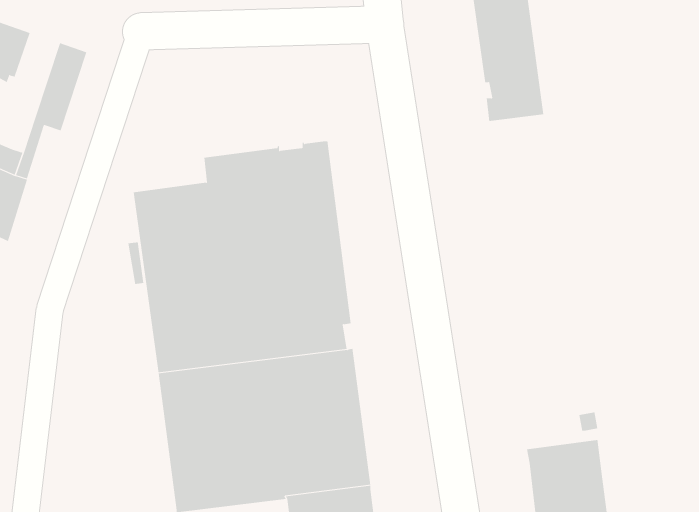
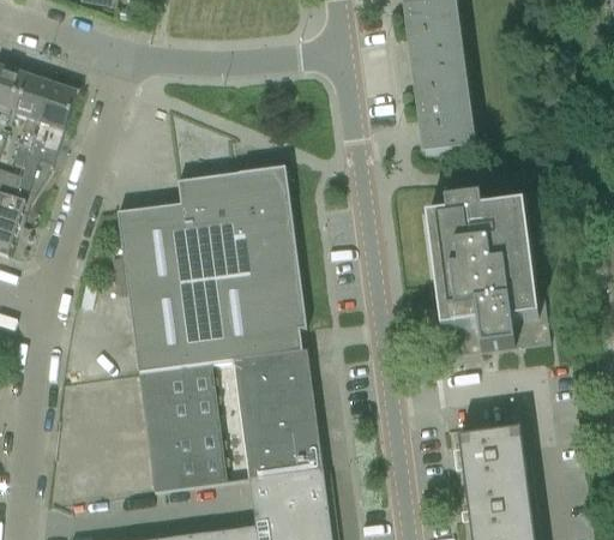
building: none -> [14,74,53,148]
building: none -> [427,197,549,350]

